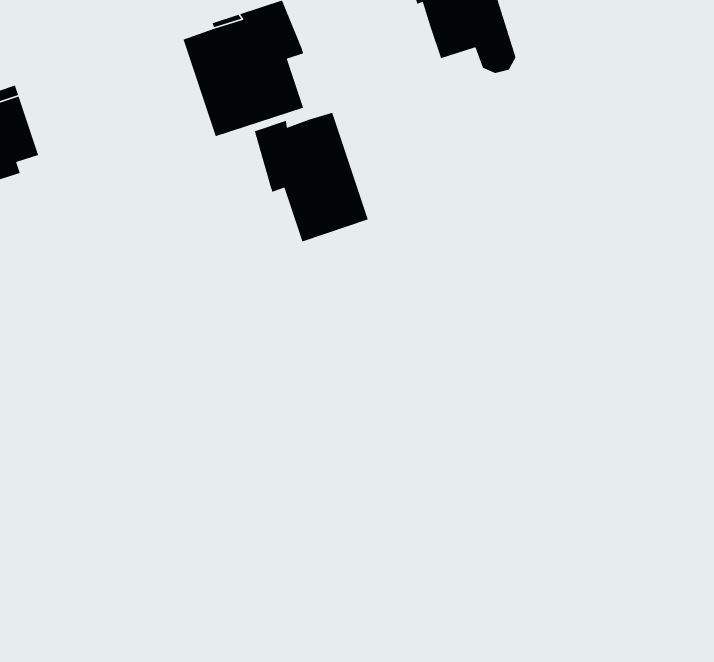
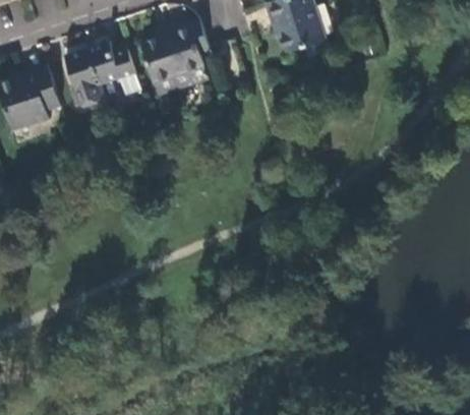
building: none -> [64,40,139,106]
building: [254,112,369,243] -> none

